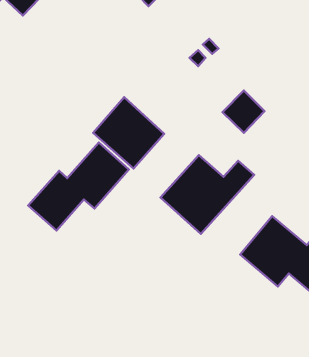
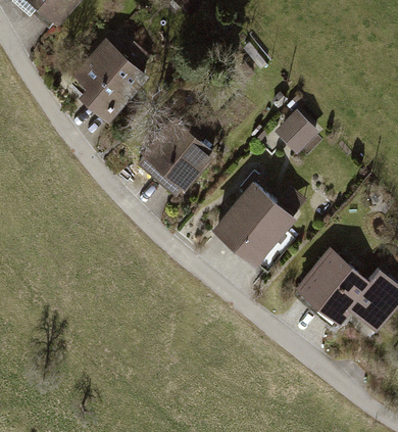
building: none -> [68,31,152,117]
building: [28,142,129,230] -> none

